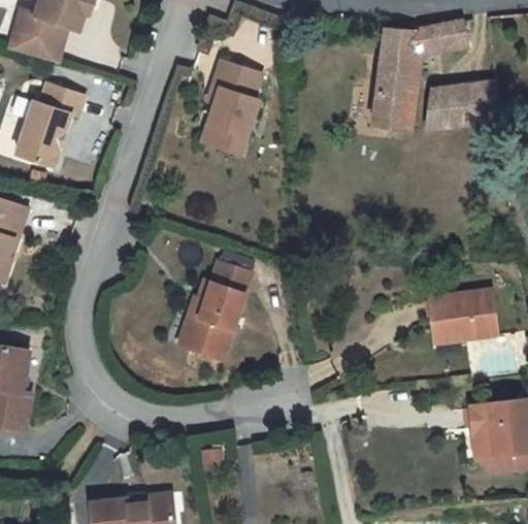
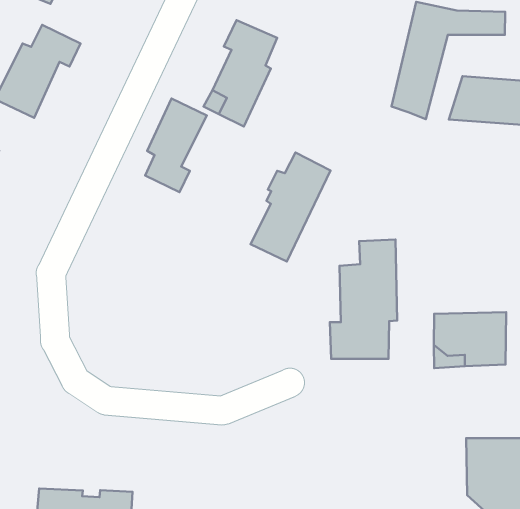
building: none -> [145,98,207,192]
building: none -> [330,240,397,359]
building: [188,263,251,361] -> [251,152,330,261]

